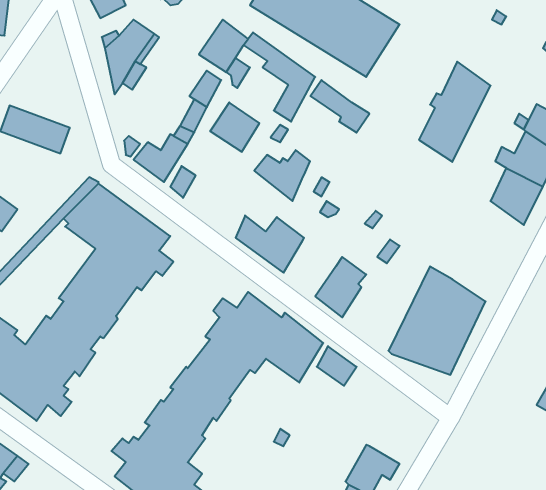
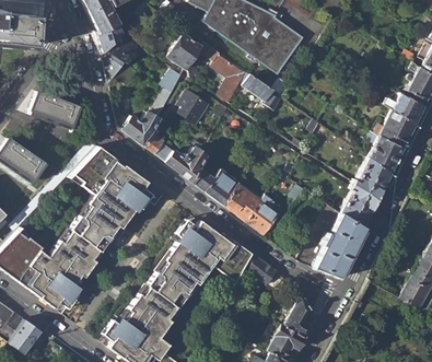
building: [419,62,491,162] -> [342,159,392,227]
building: [254,150,310,201] -> [167,149,206,184]
building: none -> [226,186,262,224]
building: none -> [285,296,313,339]

